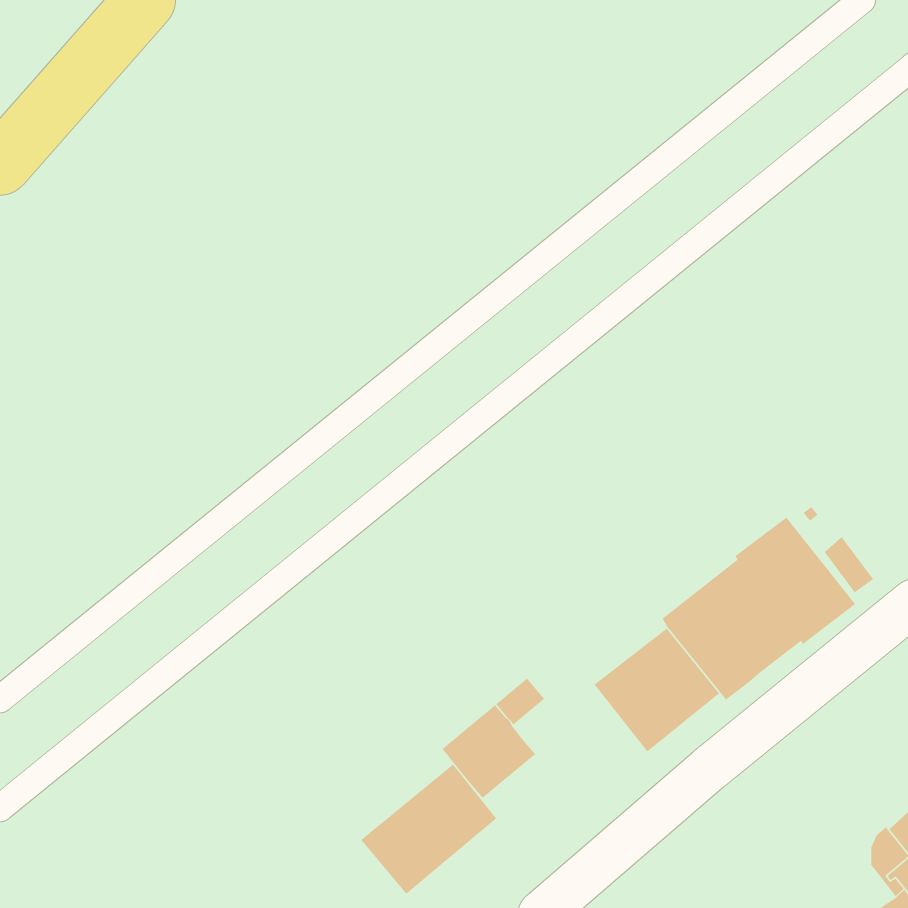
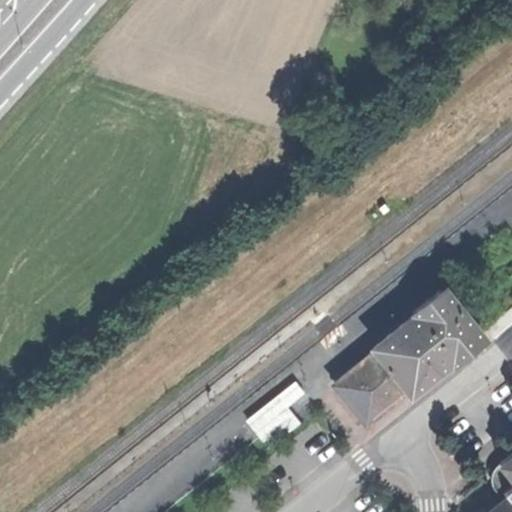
building: [360,763,497,895] -> none

